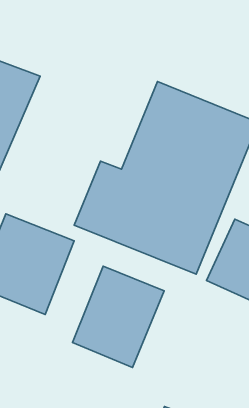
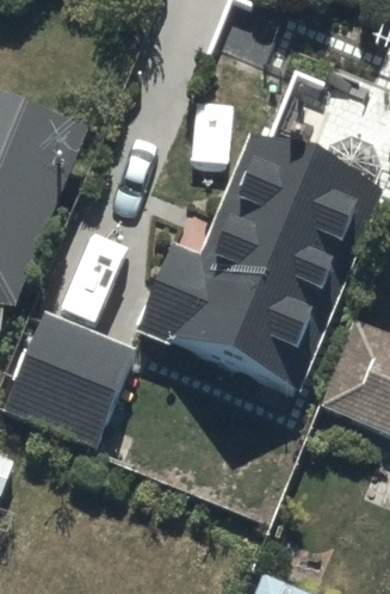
building: [72,266,164,367] -> none

